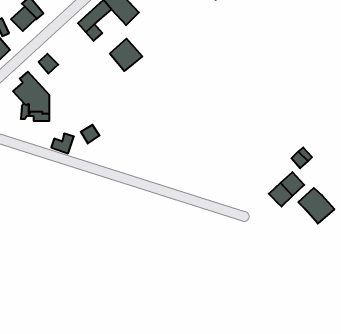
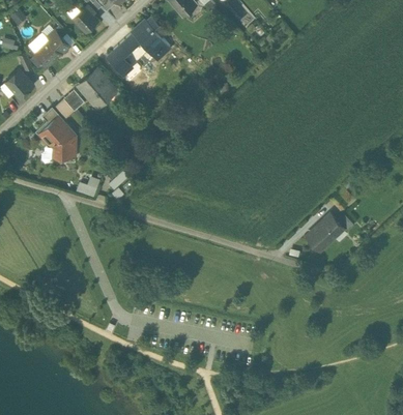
building: [110,39,142,71] -> [79,71,113,106]
building: [298,188,334,224] -> none

